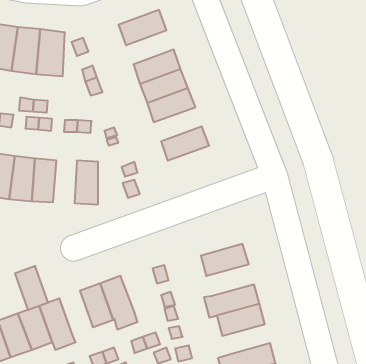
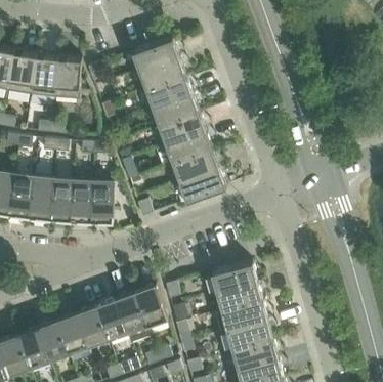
building: none -> [139,55,185,88]
building: none -> [166,129,212,162]
building: none -> [179,166,226,200]
building: none -> [70,180,92,221]
building: none -> [216,280,262,310]
building: [15,266,48,310] -> [76,305,108,347]
building: none -> [134,284,168,326]
building: none -> [231,337,278,367]

